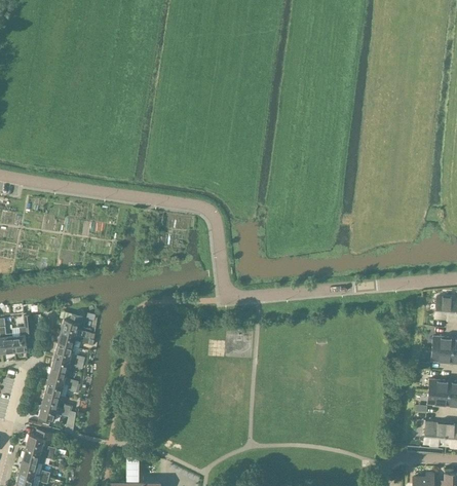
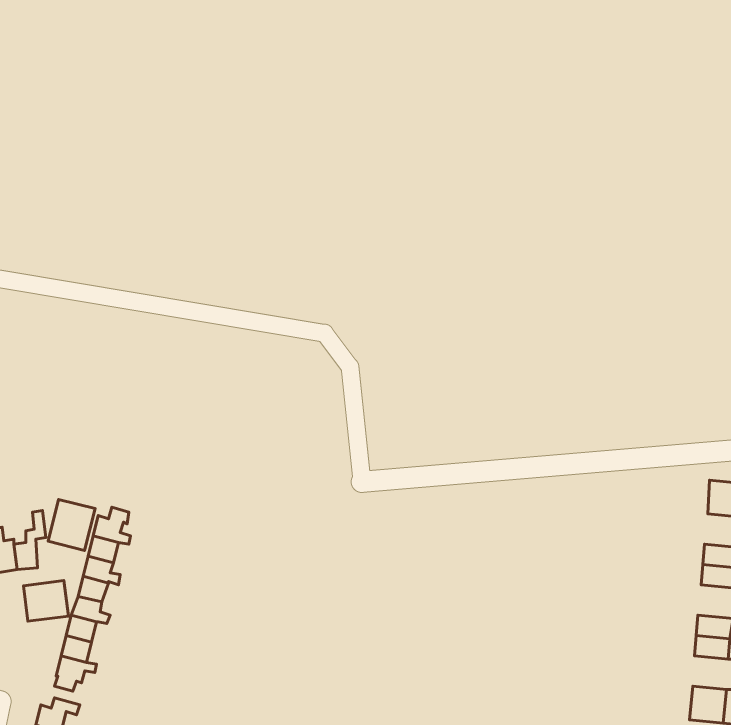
building: none -> [48,499,95,550]
building: none -> [23,581,68,621]

